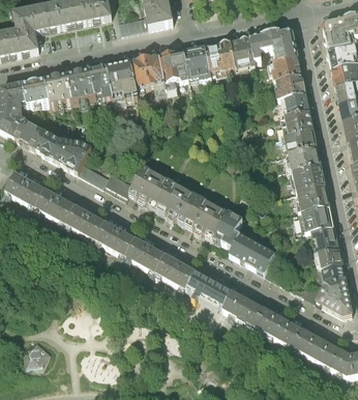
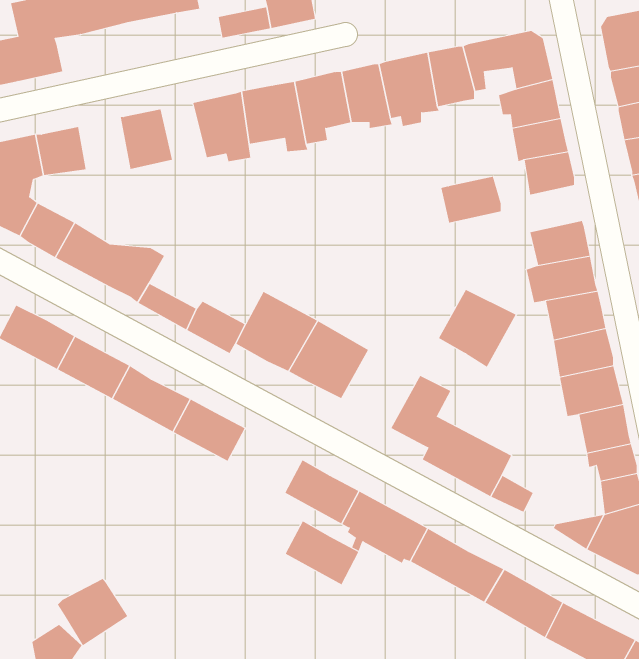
building: [90,65,114,99] -> none
building: [47,73,73,104] -> none
building: [280,109,312,134] -> [441,176,501,223]
building: [185,196,227,237] -> [438,289,517,368]
building: [125,237,165,272] -> [285,521,359,585]
building: none -> [57,578,128,646]

